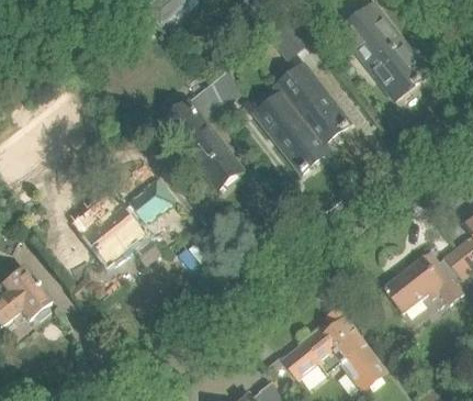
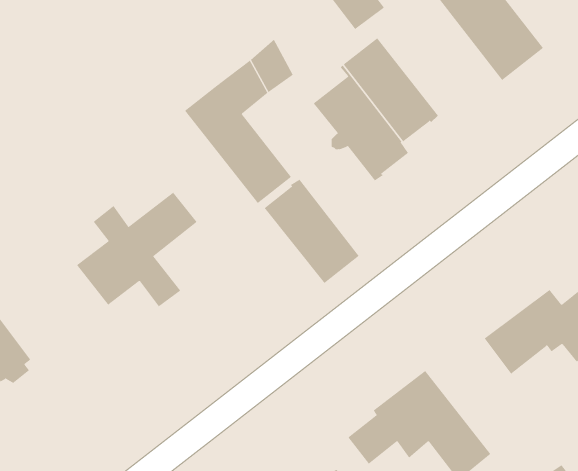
building: none -> [264,179,360,284]

